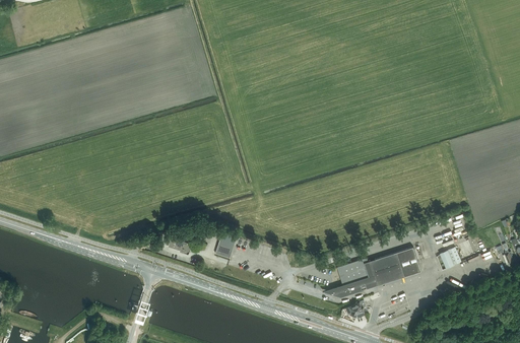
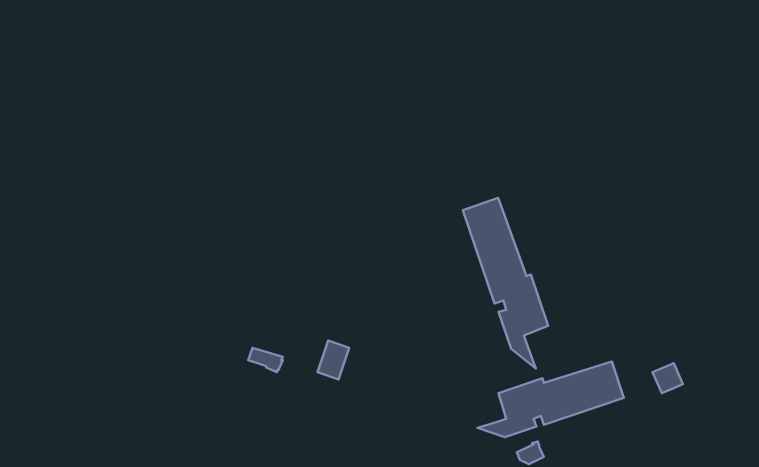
building: none -> [463,198,548,369]

